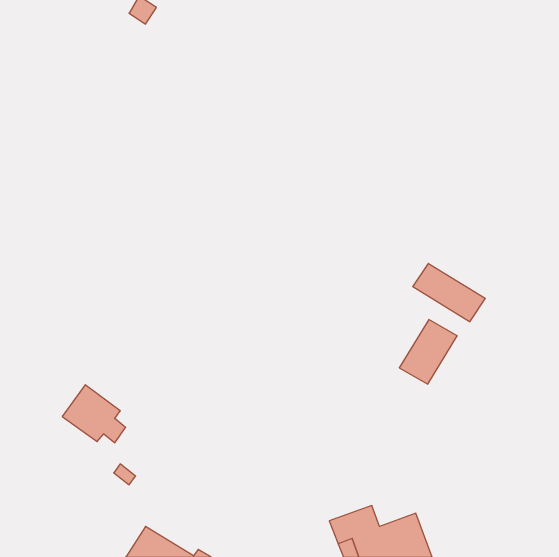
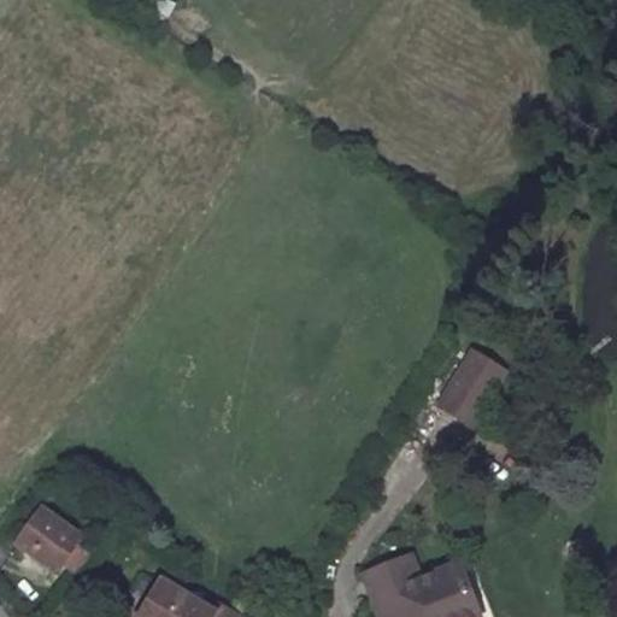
building: [413,263,485,322] -> none
building: [62,385,126,443] -> [18,507,88,571]

